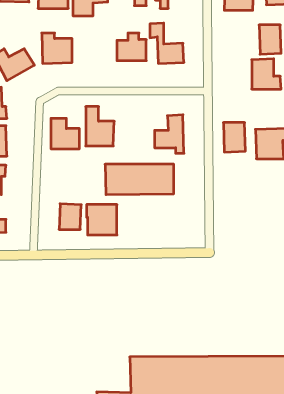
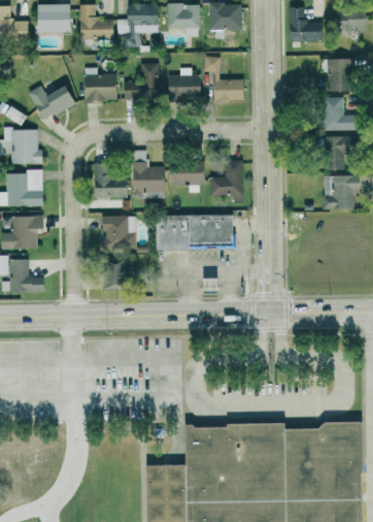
building: none -> [124,64,159,99]
building: none -> [171,163,204,186]
building: [223,123,245,152] -> [321,137,346,170]
building: [87,205,117,235] -> [102,217,136,251]

